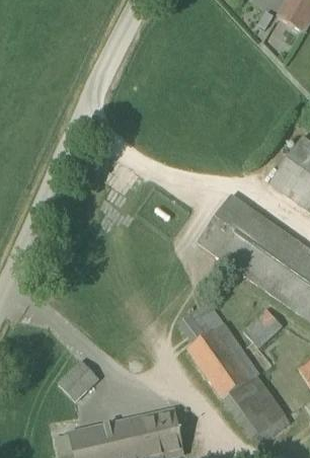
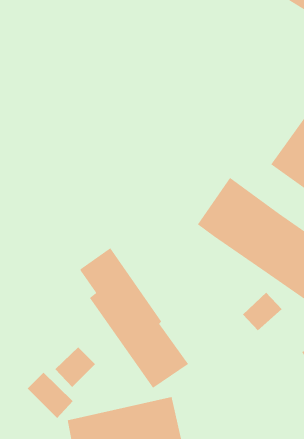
building: [178,300,286,439] -> [80,247,189,389]
building: none -> [27,372,74,419]

